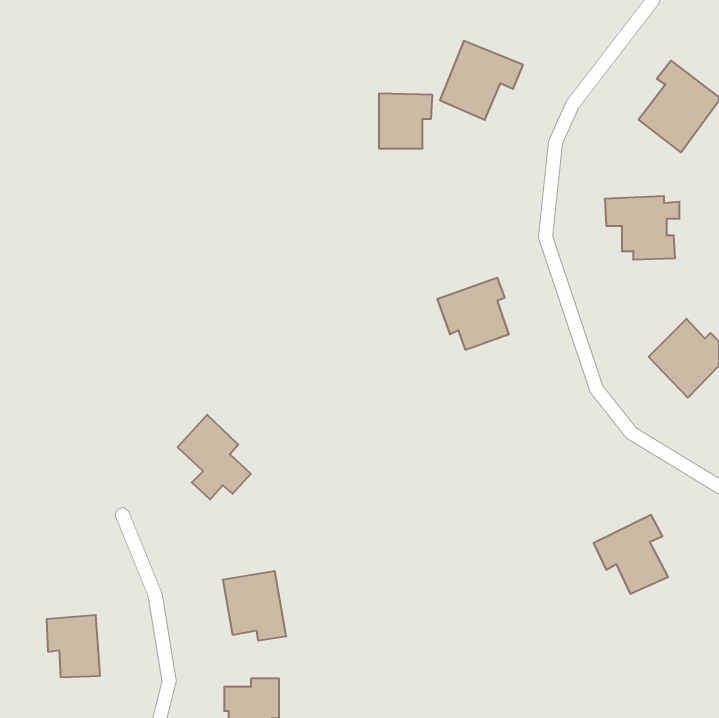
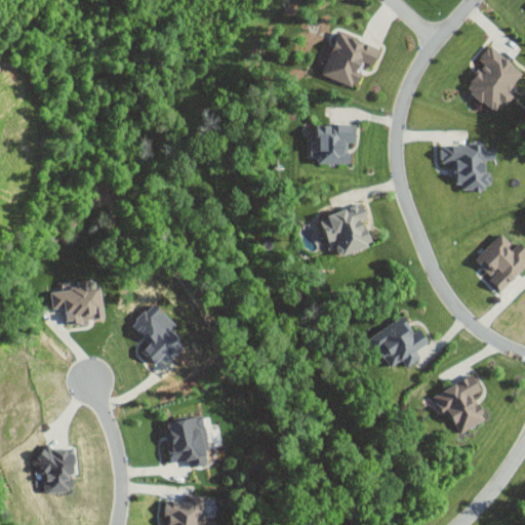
building: [379,93,432,148] -> [316,124,355,164]
building: none -> [48,280,102,324]
building: none -> [367,317,429,370]

